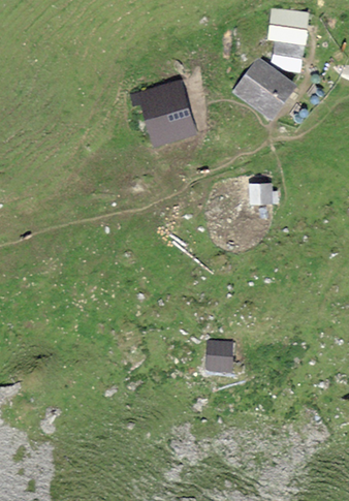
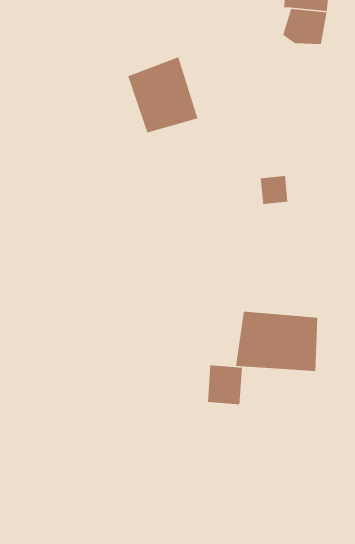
building: [233,57,297,120] -> none
building: none -> [235,311,318,372]

